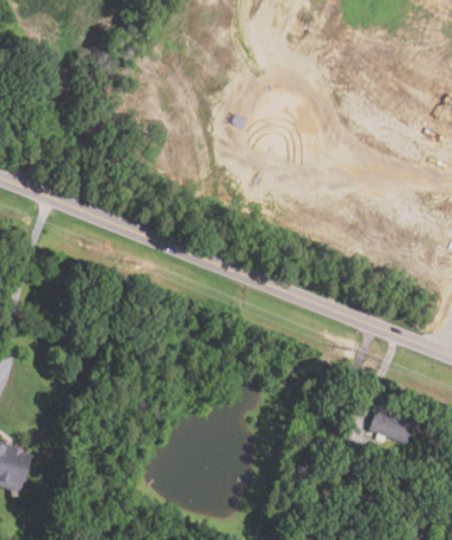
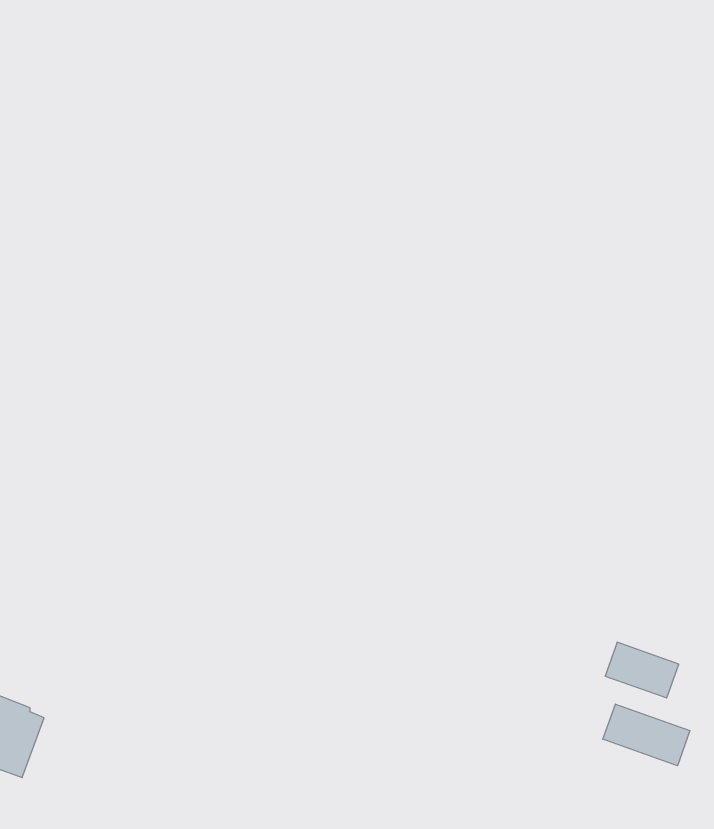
building: none -> [603,704,690,766]

